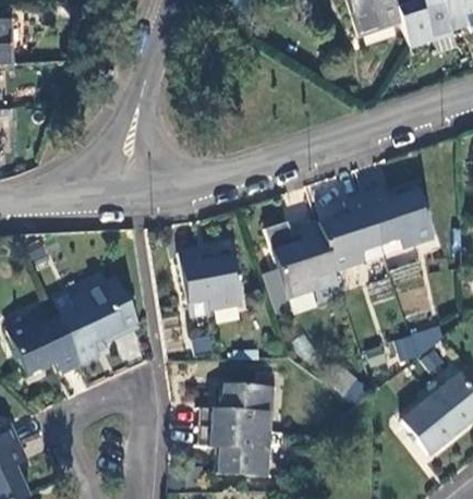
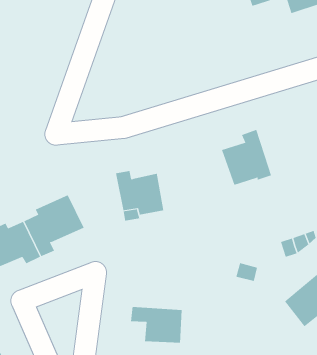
building: [366,187,435,245] -> none
building: [274,221,344,303] -> none
building: [202,384,270,431] -> none

